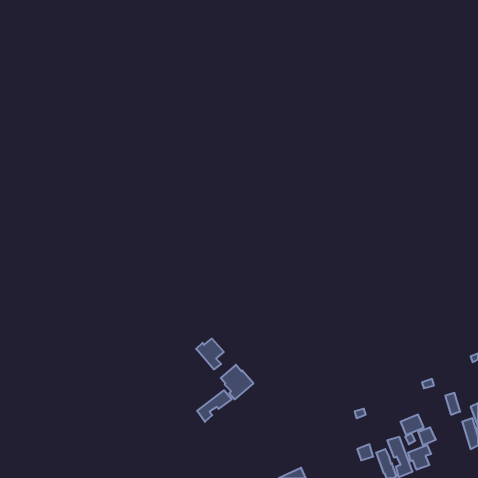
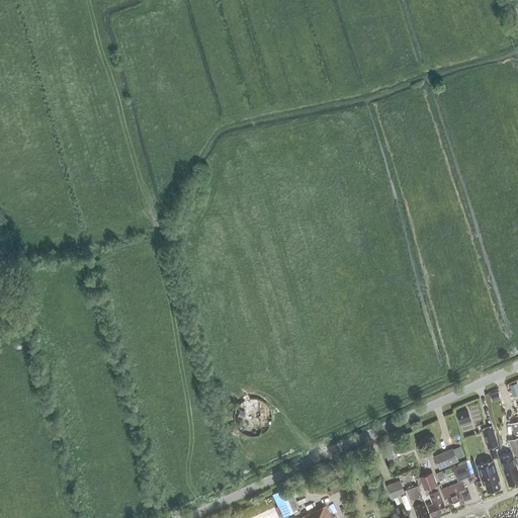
building: [196,339,224,369] -> none
building: [197,390,232,422] -> none
building: none -> [478,459,499,492]

